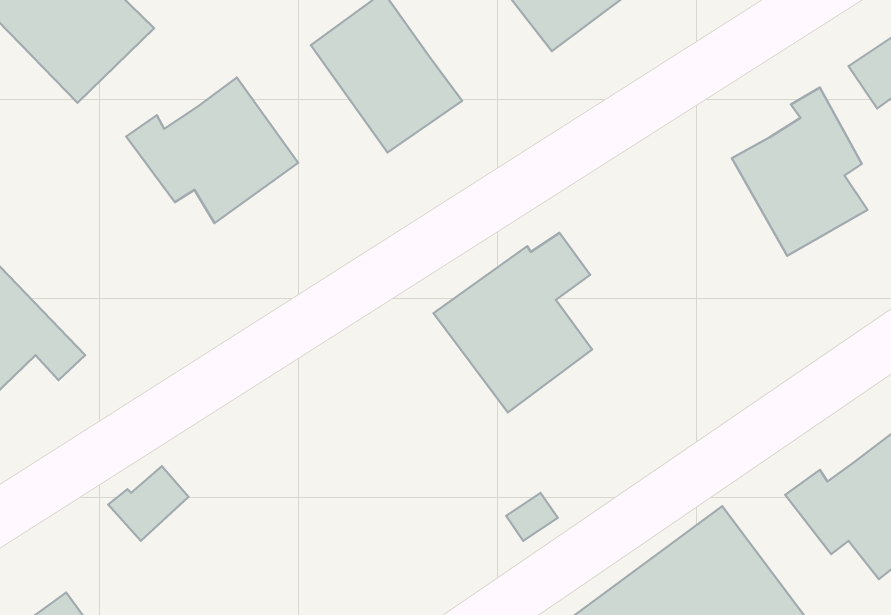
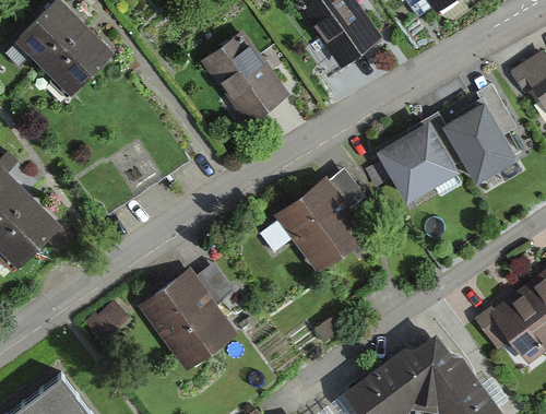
building: [126,78,298,223] -> none
building: none -> [365,120,461,204]
building: none -> [138,267,237,371]

